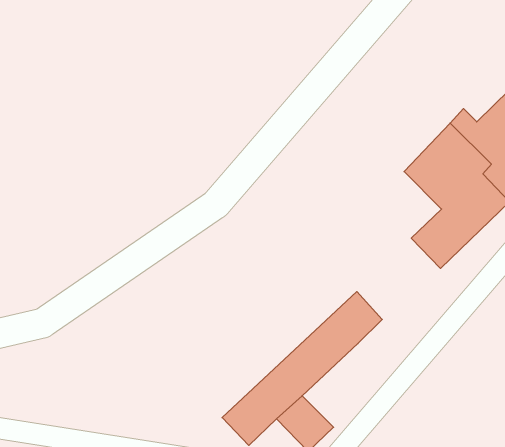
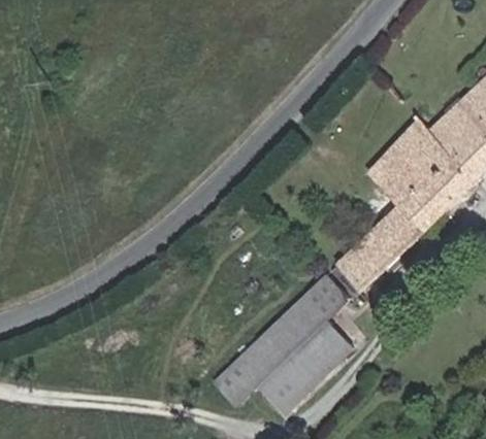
building: none -> [331,229,399,296]
building: none -> [282,318,355,390]

